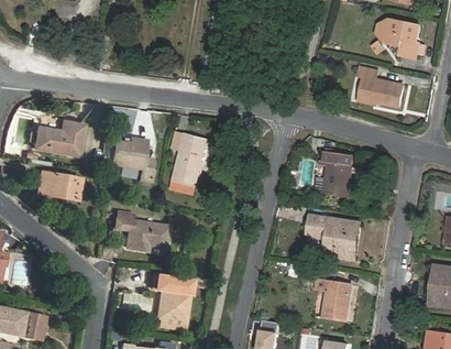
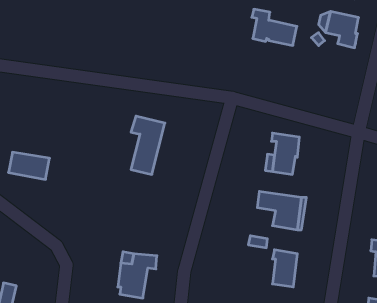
building: [356,64,406,103] -> [252,9,297,45]
building: [31,120,80,156] -> none
building: [109,137,152,173] -> none
building: [112,211,166,251] -> none

